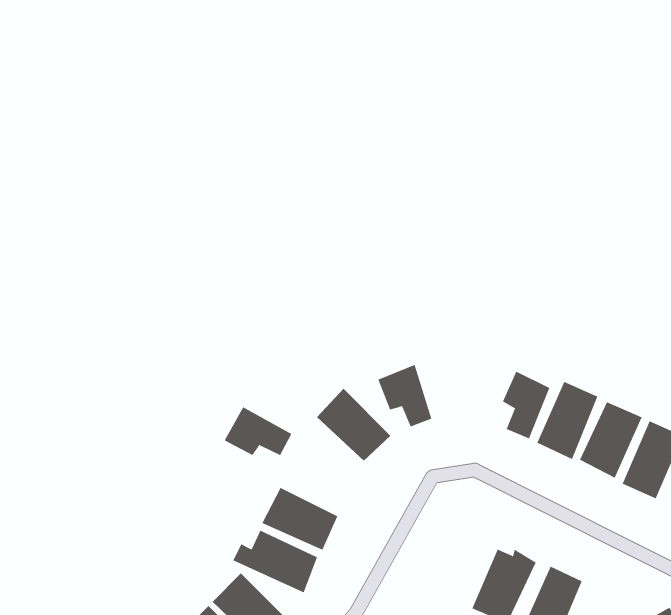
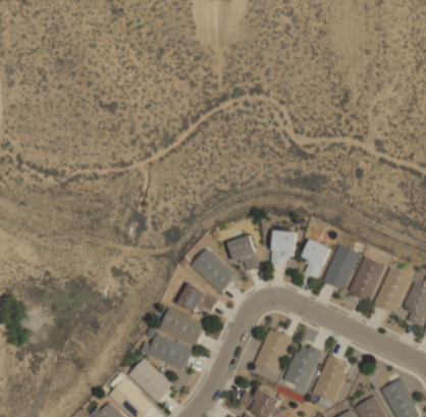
building: none -> [269,229,296,265]
building: [224,406,292,456] -> [176,281,217,311]
building: none -> [252,328,290,373]

